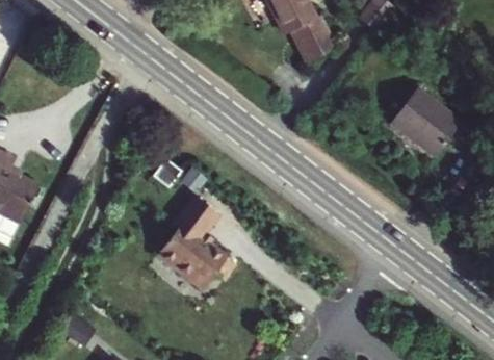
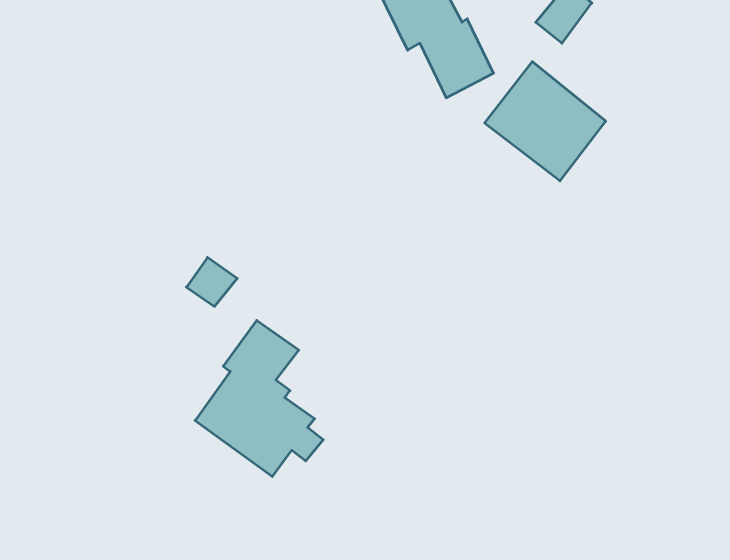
building: [389,86,461,157] -> [485,62,606,181]

